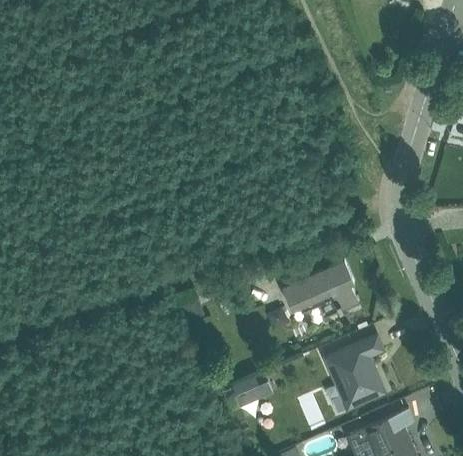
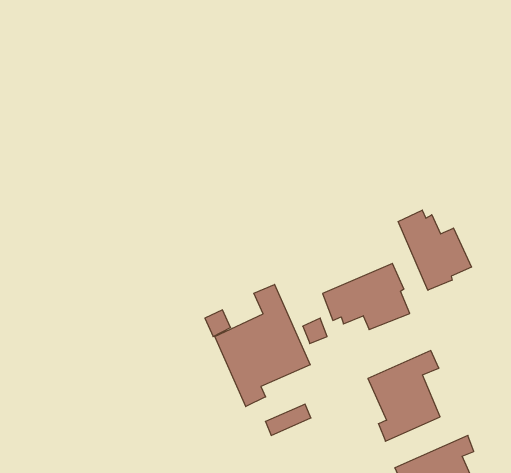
building: none -> [398,210,472,290]
building: none -> [215,284,310,407]

